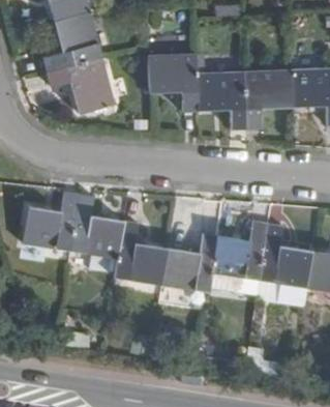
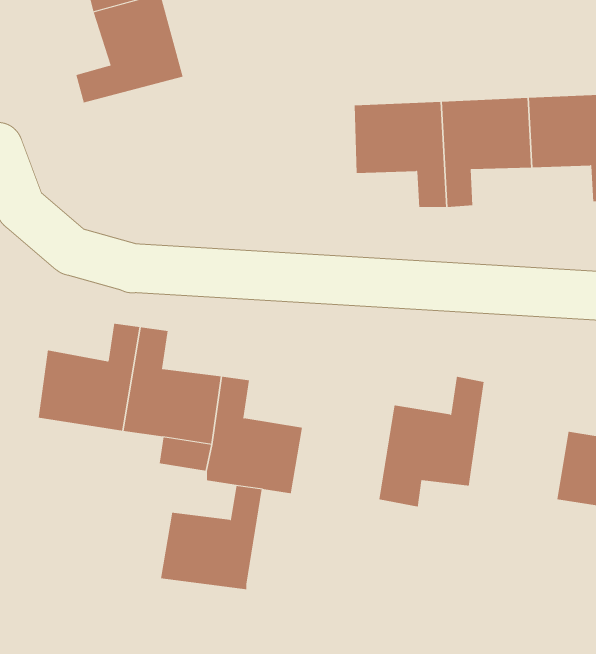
building: [148,54,198,110] -> none
building: [49,57,116,112] -> none
building: [258,224,313,310] -> none
building: [162,234,218,291] -> [160,486,262,590]

